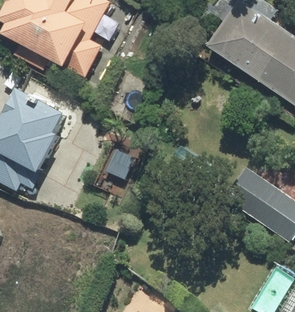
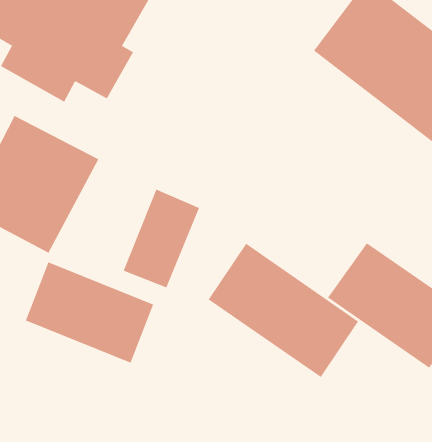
building: none -> [208,243,359,378]
building: none -> [25,261,154,364]

